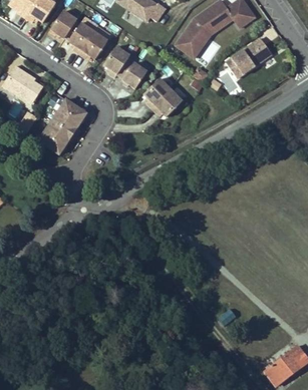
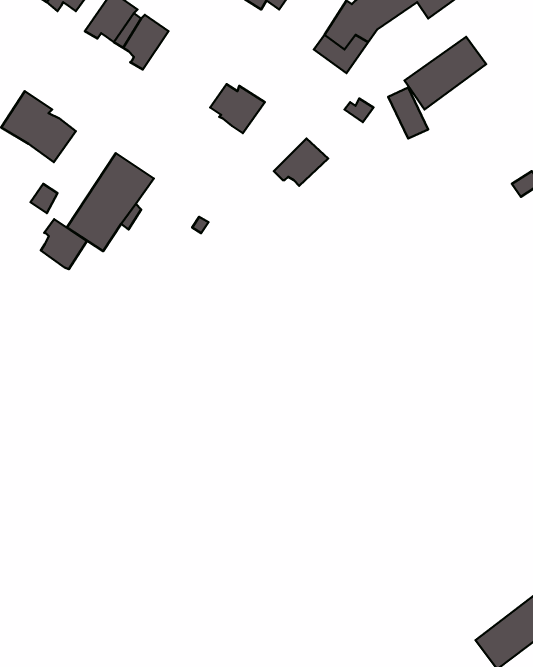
building: [80,32,108,59] -> none
building: [104,46,130,77] -> none
building: [143,79,171,109] -> none
building: none -> [41,219,87,269]

